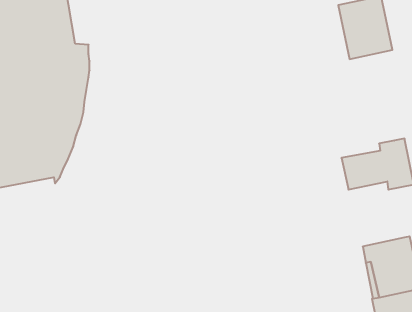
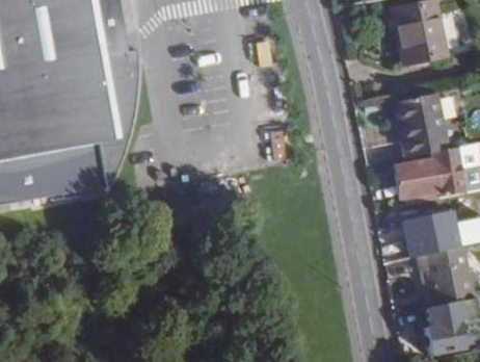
building: none -> [393,94,447,158]
building: none -> [402,213,457,258]

